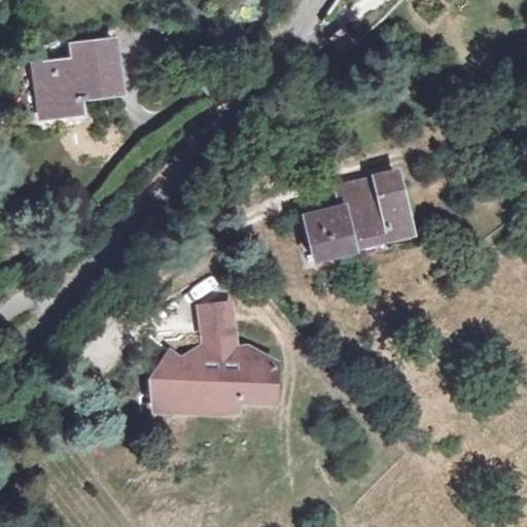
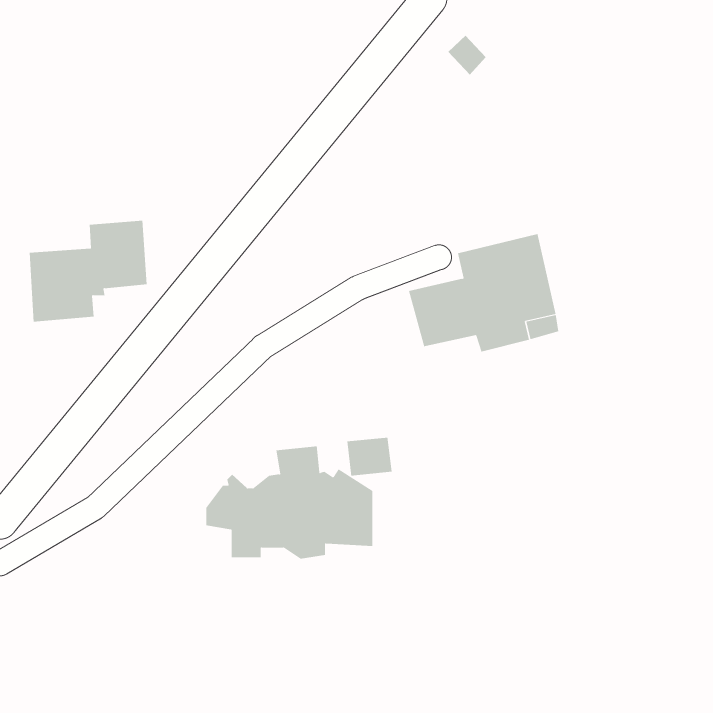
building: [31,40,118,115] -> [29,220,148,322]
building: [201,303,235,331] -> [346,437,393,476]

